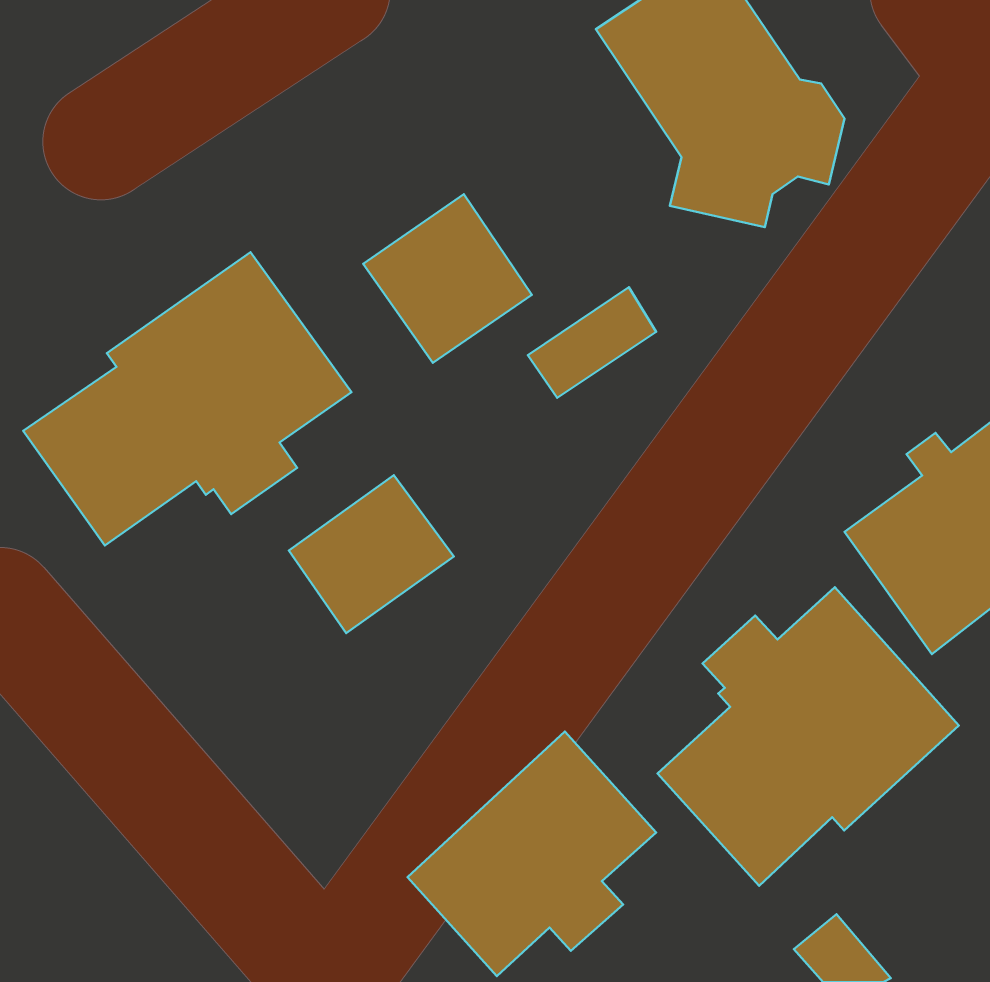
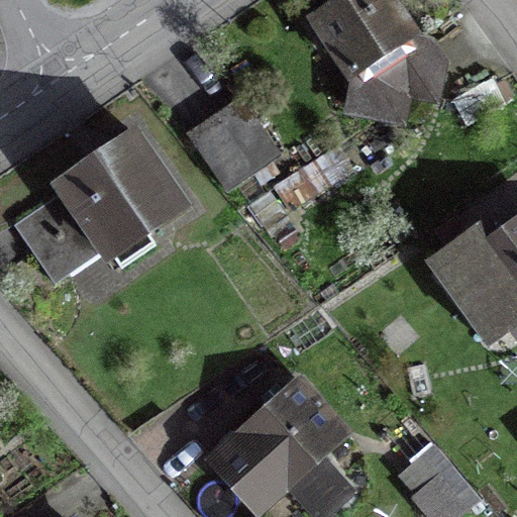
building: [289,475,454,633] -> none
building: [658,587,959,886] -> none

